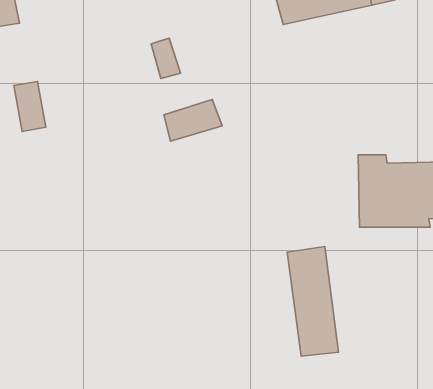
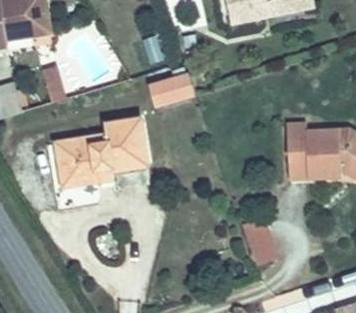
building: none -> [54,117,143,184]

